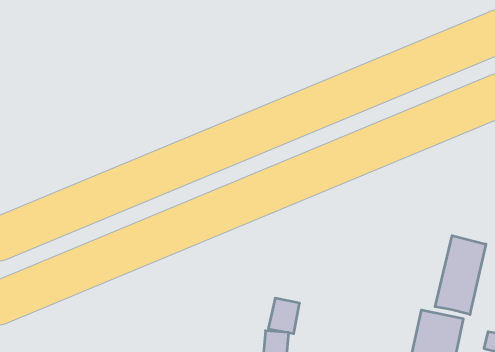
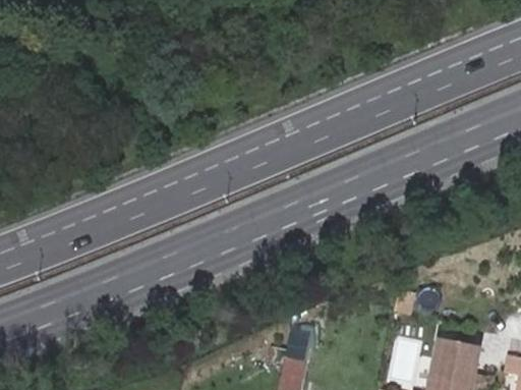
building: [435,236,486,315] -> none

